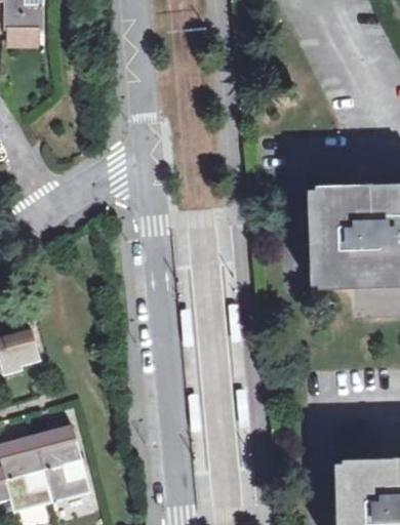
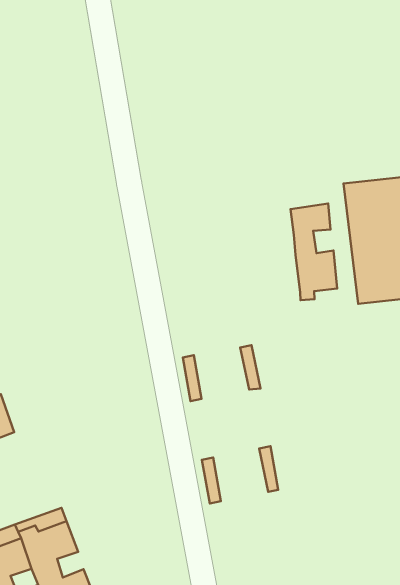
building: none -> [290,203,337,300]

